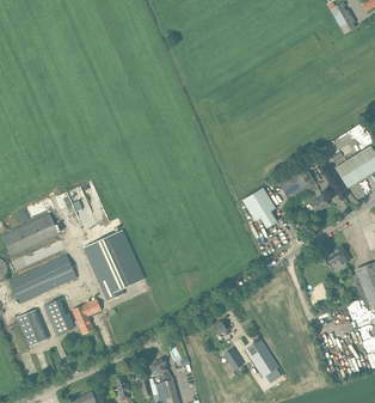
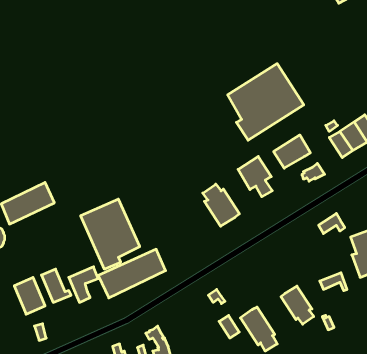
building: none -> [228,64,304,140]
building: none -> [203,184,239,226]
building: [8,255,76,304] -> [98,249,166,298]
building: none -> [281,286,314,324]

